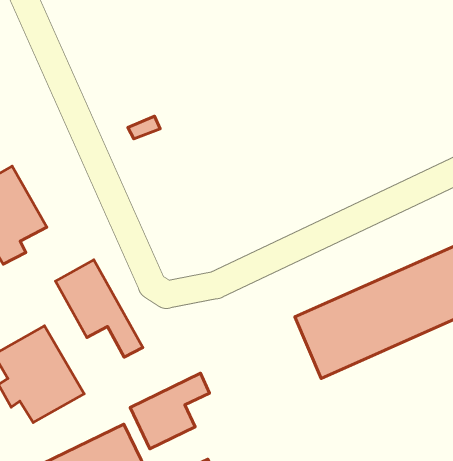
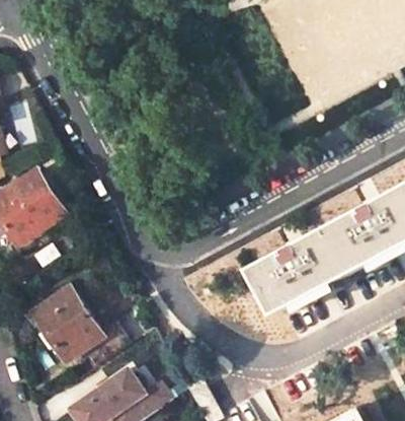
building: [56,260,143,357] -> none
building: [130,373,210,449] -> none

